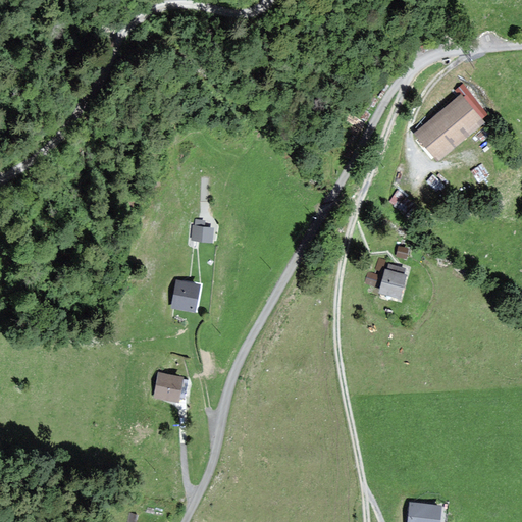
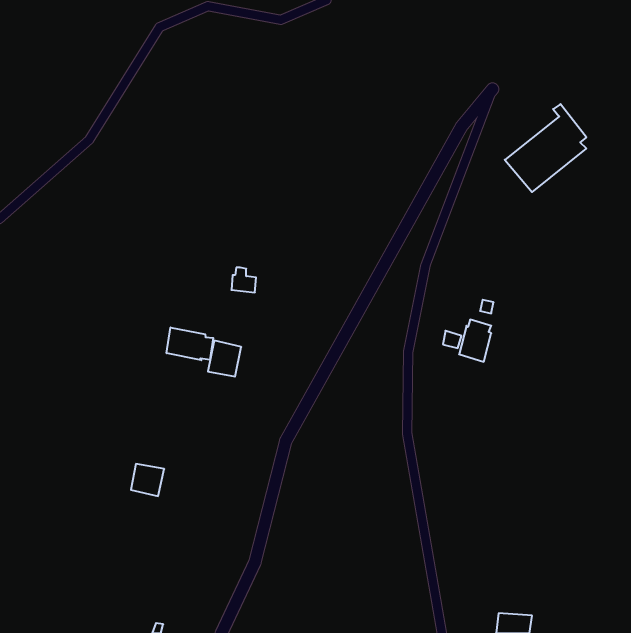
building: none -> [167,327,213,360]
building: [154,373,181,400] -> [131,464,164,496]

